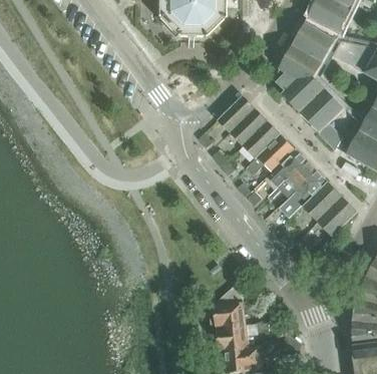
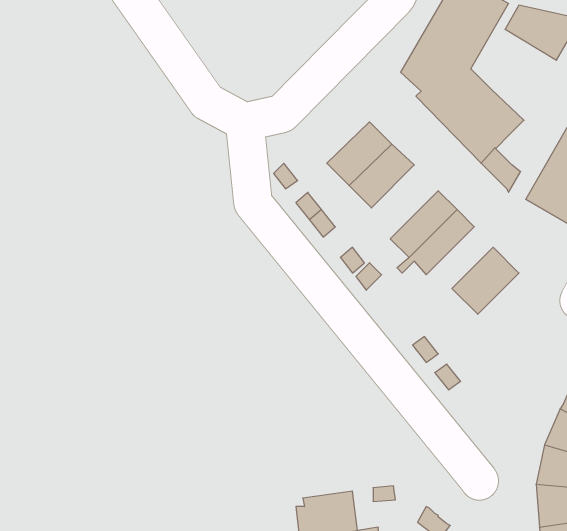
building: [217,94,254,131] -> none
building: [246,132,294,173] -> none
building: [281,168,326,219] -> none
building: [317,196,356,235] -> none
building: [209,283,246,327] -> none

